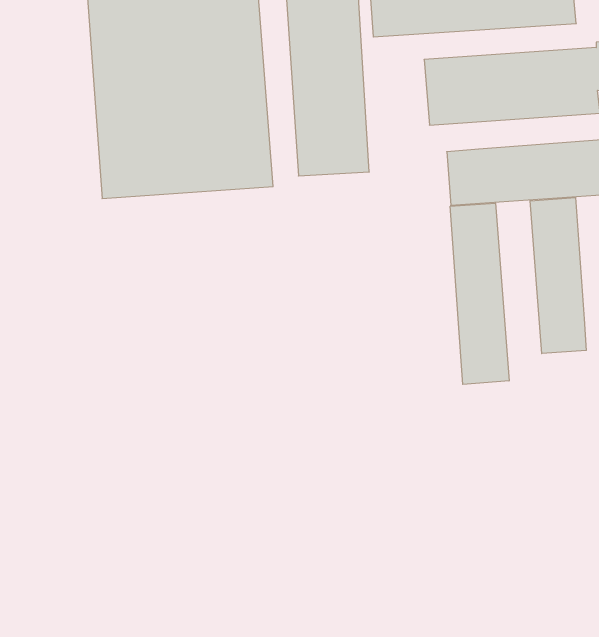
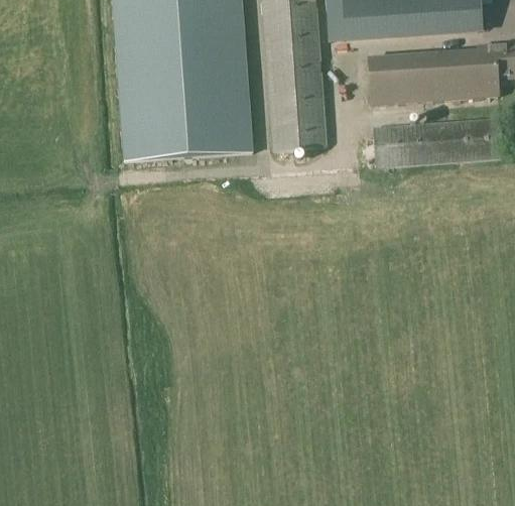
building: [530,197,586,354] -> none
building: [450,203,509,384] -> none

